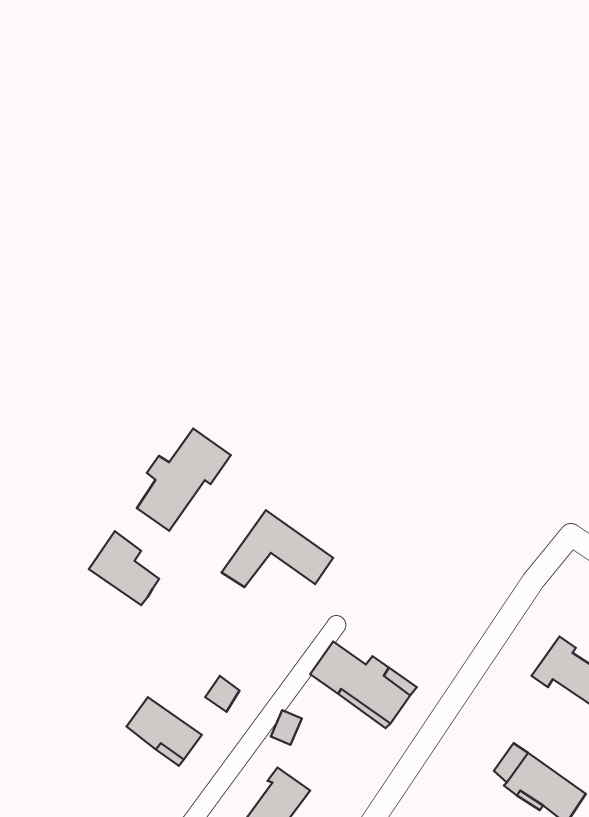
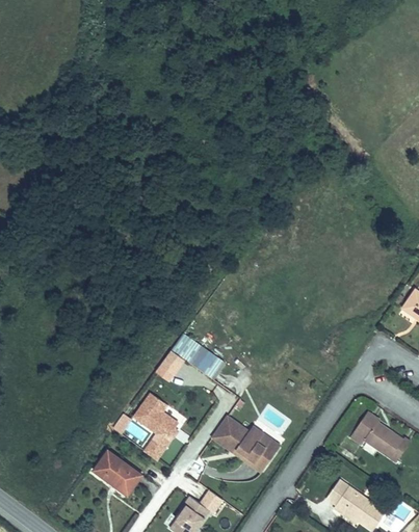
building: [137,428,231,531] -> none
building: [89,531,159,605] -> [133,393,178,440]

